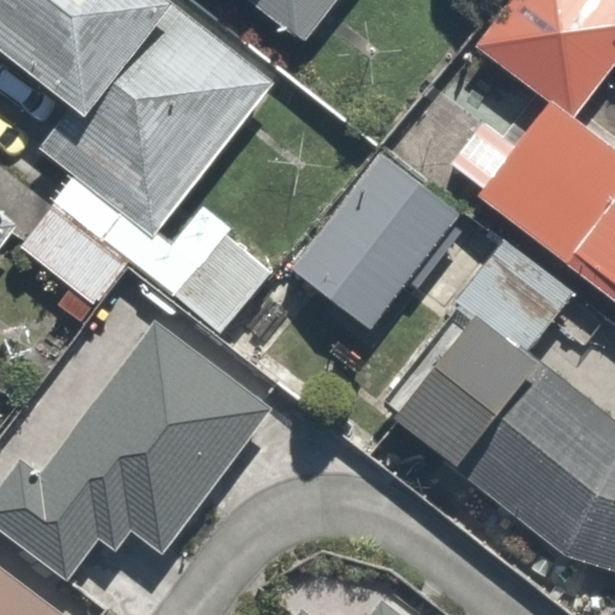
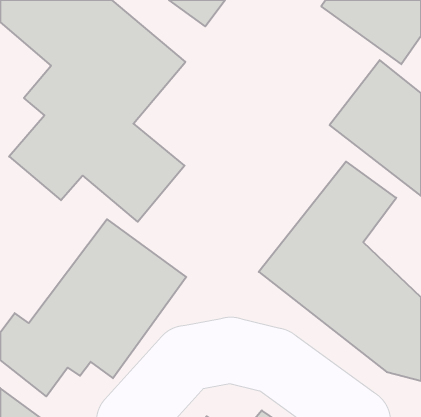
building: [282,143,454,323] -> none

